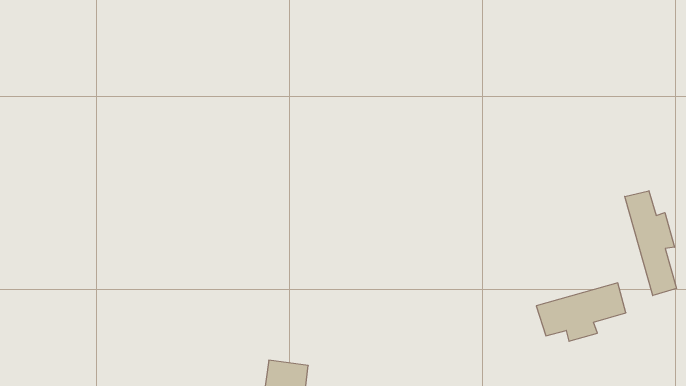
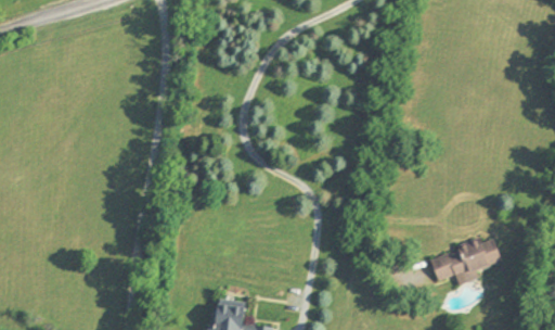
building: [625,191,676,296] -> none

